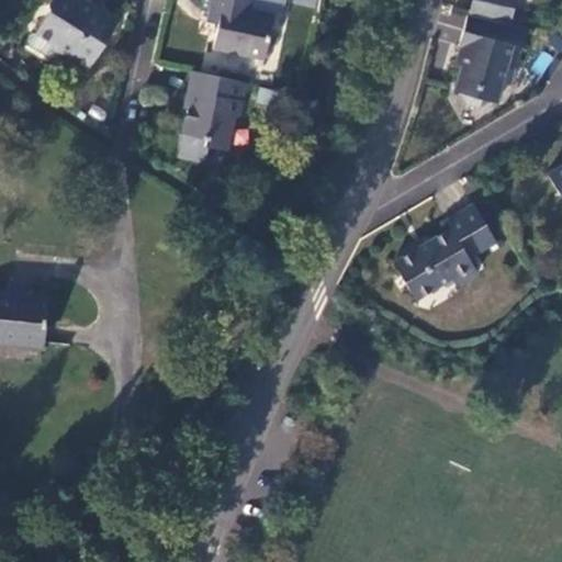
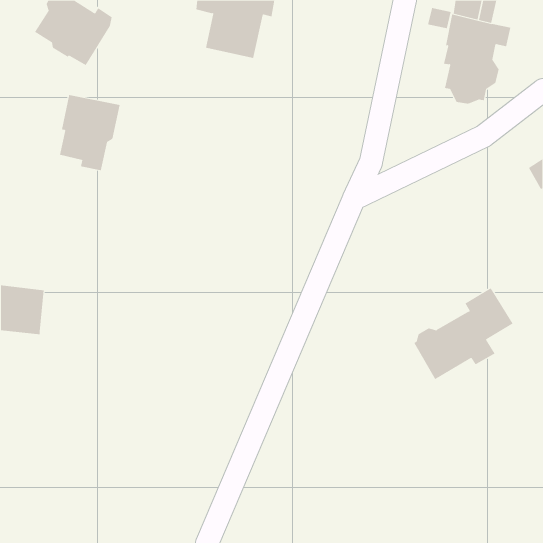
building: [181,71,245,150] -> [59,94,121,171]
building: [392,205,495,301] -> [414,287,514,380]

